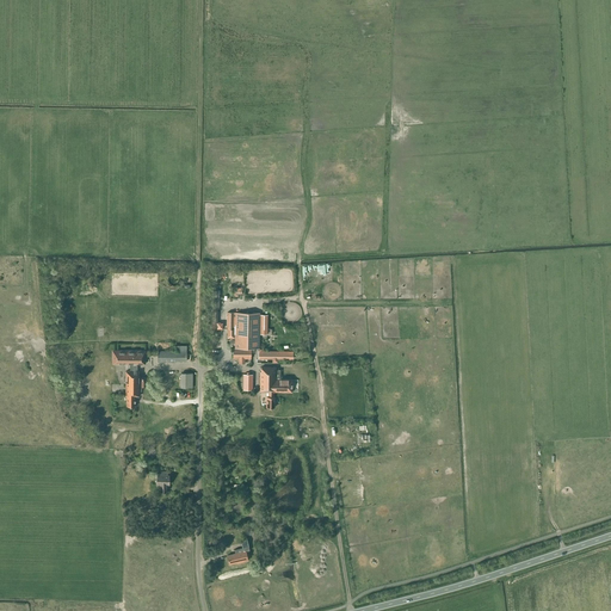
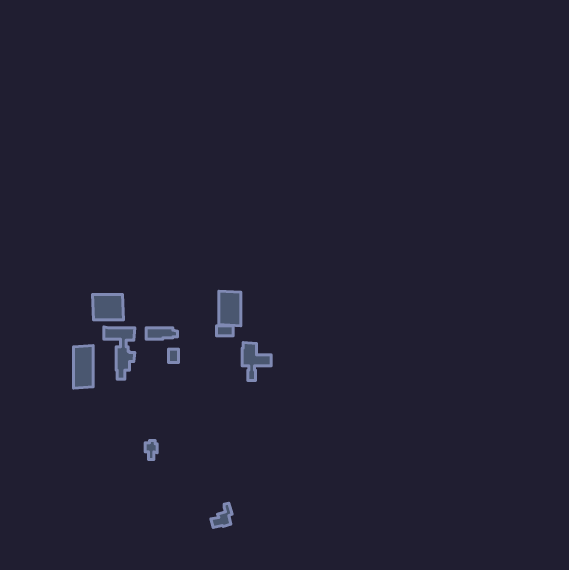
building: none -> [93,295,124,320]
building: none -> [74,345,93,388]

